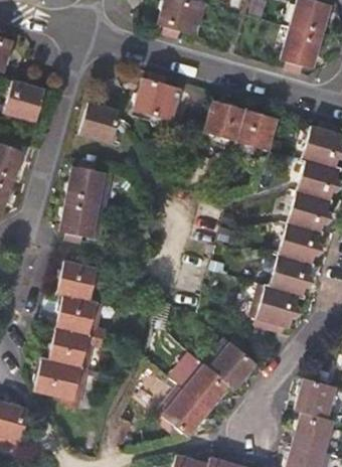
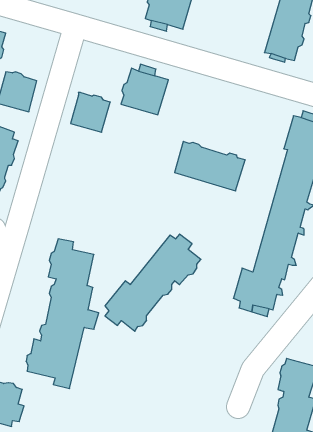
building: [204,100,278,151] -> [175,141,245,191]
building: [58,161,112,243] -> none
building: [157,336,256,437] -> [105,234,201,331]

